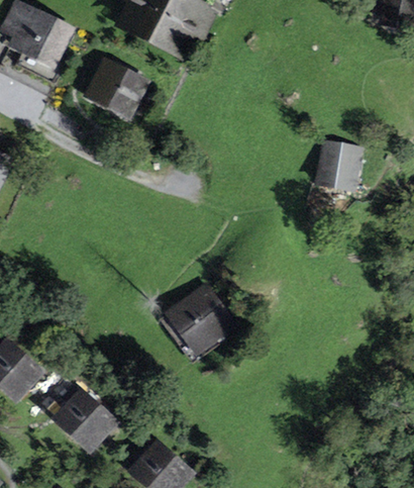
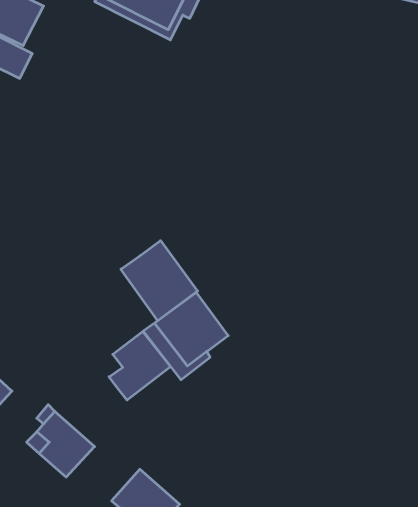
building: [90,62,146,114] -> none
building: [316,139,365,188] -> none
building: none -> [121,241,198,321]
building: none -> [109,332,171,400]

